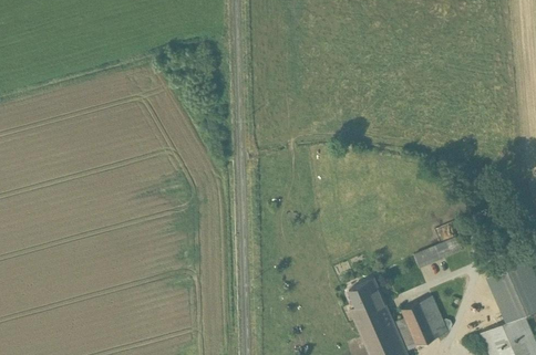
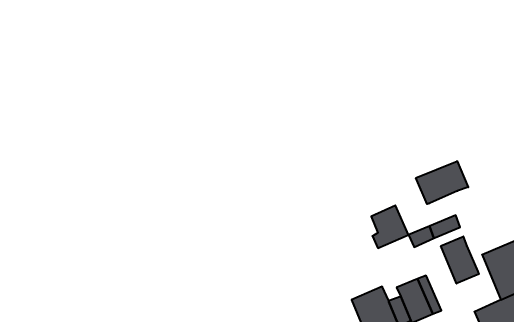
building: none -> [416,161,468,204]
building: none -> [441,236,479,284]
building: [349,278,386,321] -> [371,205,409,248]

